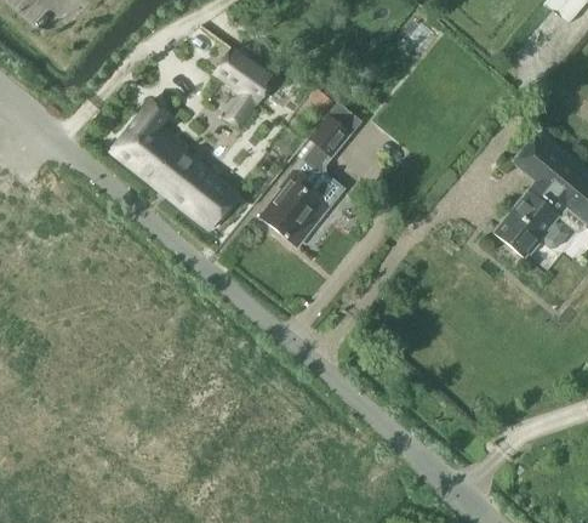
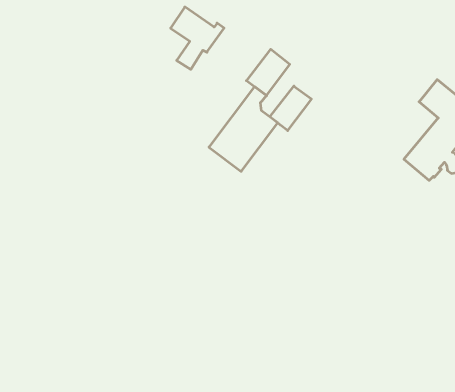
building: [110,101,238,229] -> none
building: none -> [270,86,311,131]

